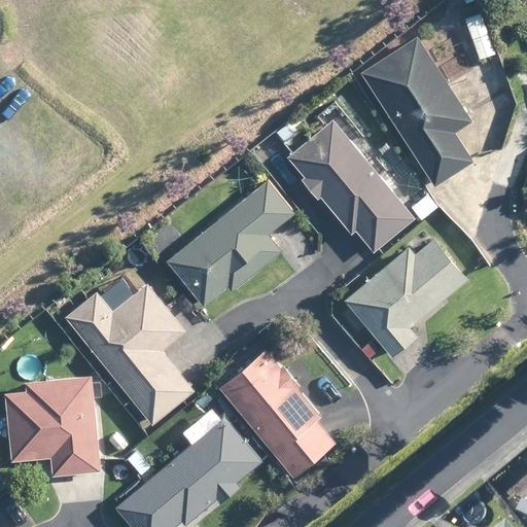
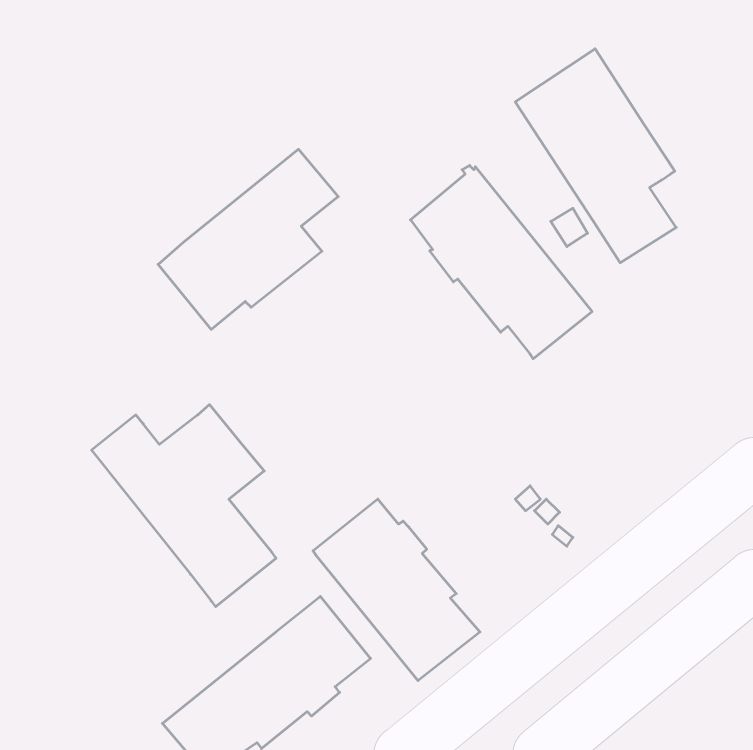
building: [167,181,292,307] -> [158,149,338,329]
building: [344,239,466,357] -> none
building: [5,376,100,476] -> none

